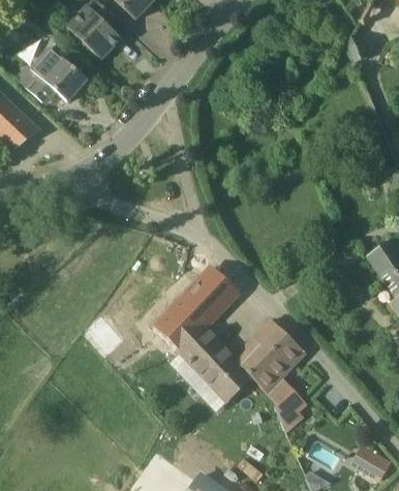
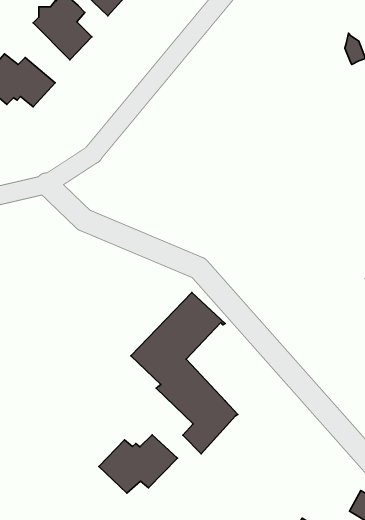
building: [240,318,305,431] -> none
building: none -> [99,435,177,493]

